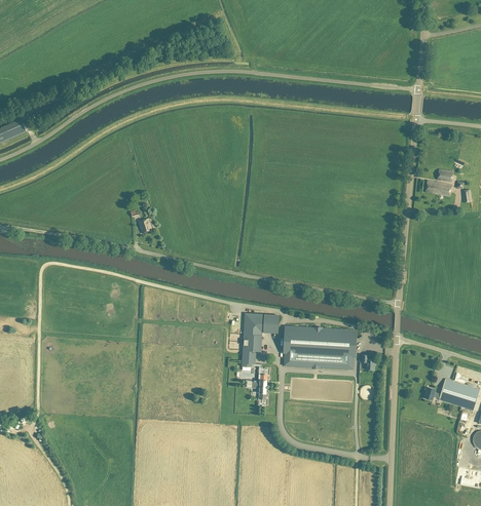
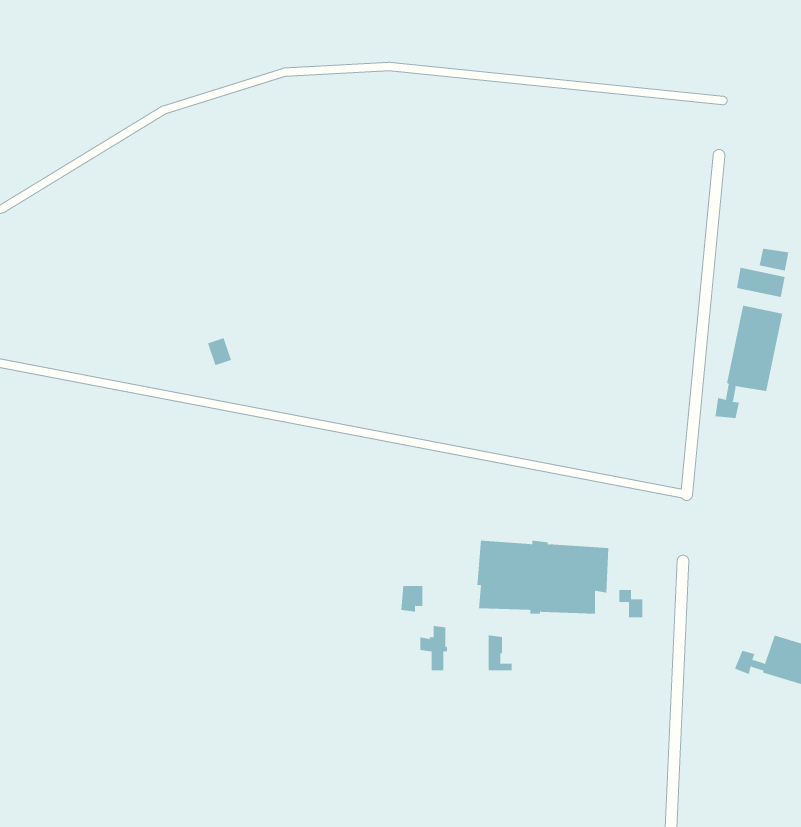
building: none -> [715,305,783,419]
building: [243,313,277,350] -> none

